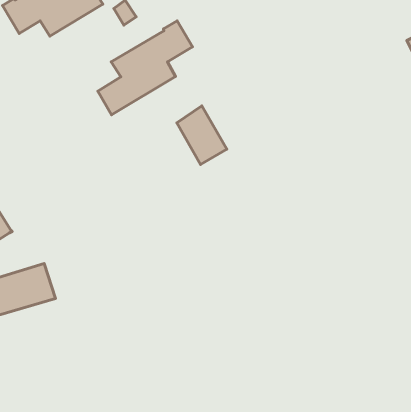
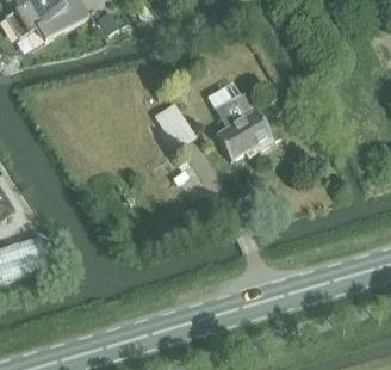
building: [98,21,193,115] -> none
building: none -> [215,91,274,156]

